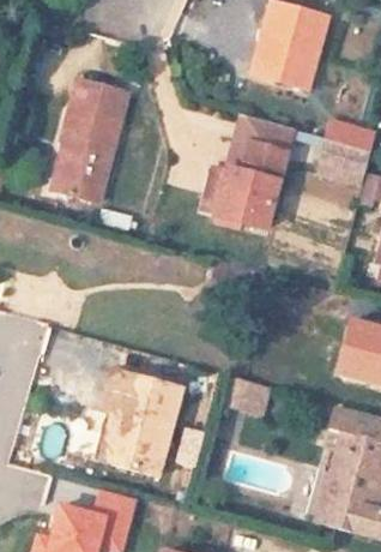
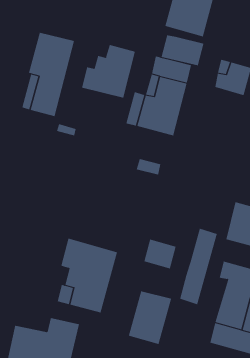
building: none -> [161,34,204,66]
building: none -> [81,44,136,99]
building: none -> [179,228,218,305]
building: none -> [128,290,172,345]

